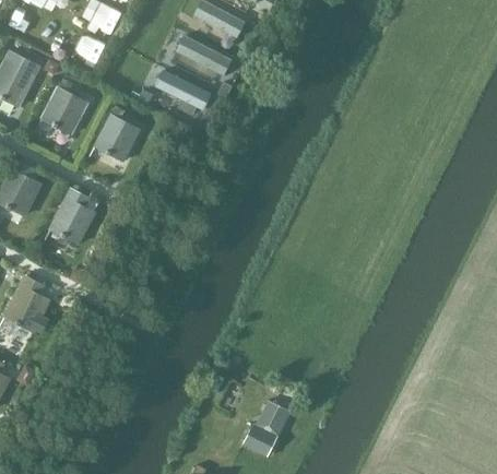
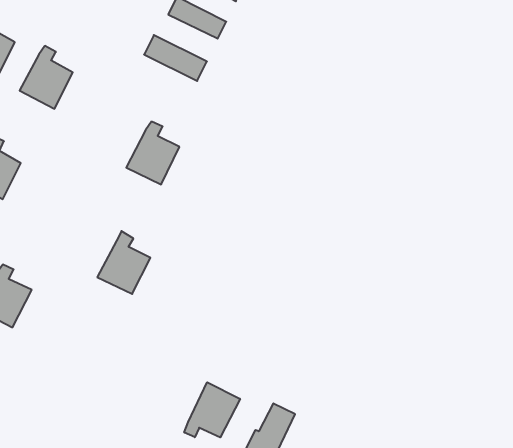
building: [93,106,141,163] -> [126,122,179,184]
building: [48,188,96,245] -> [97,231,150,294]
building: none -> [184,382,240,437]

